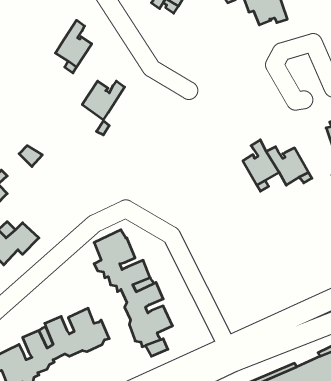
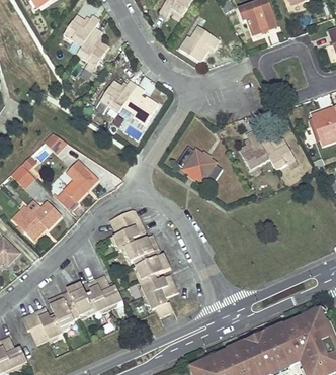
building: none -> [63,15,99,48]
building: none -> [180,25,220,62]
building: none -> [121,85,159,125]
building: none -> [175,146,222,186]
building: none -> [56,161,98,212]

